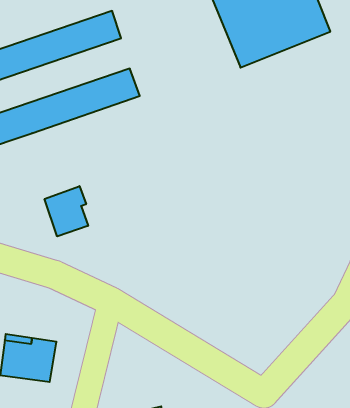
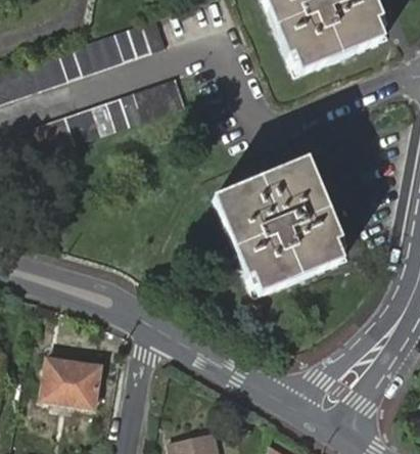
building: none -> [214,160,347,294]
building: [45,186,88,236] -> none

